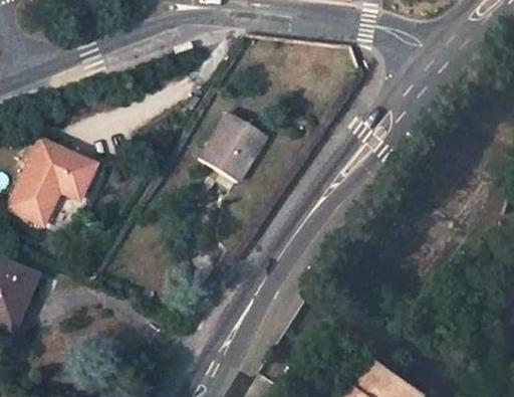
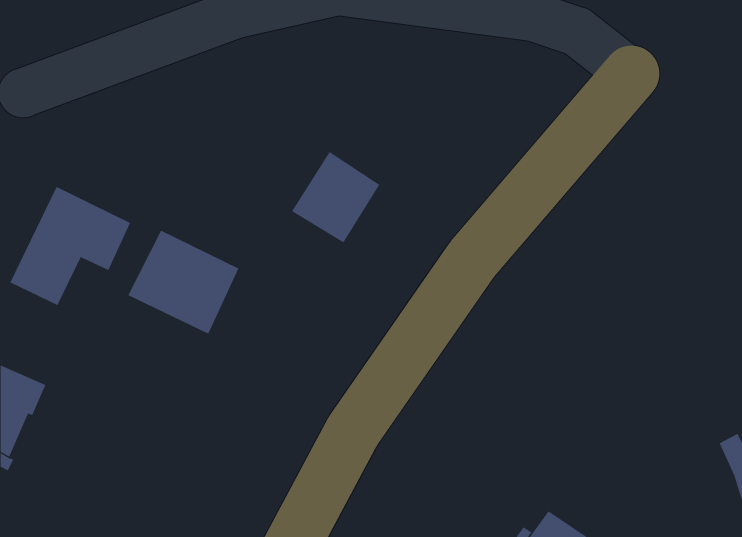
building: none -> [128,230,239,335]

